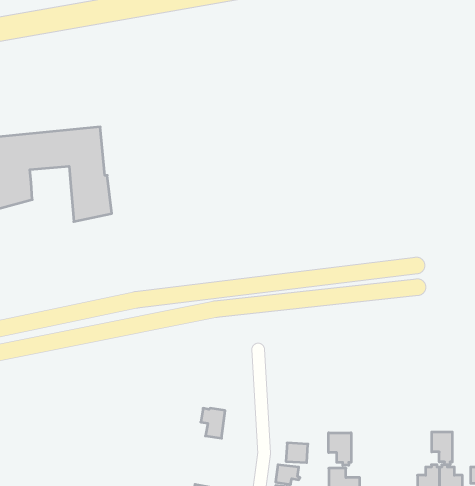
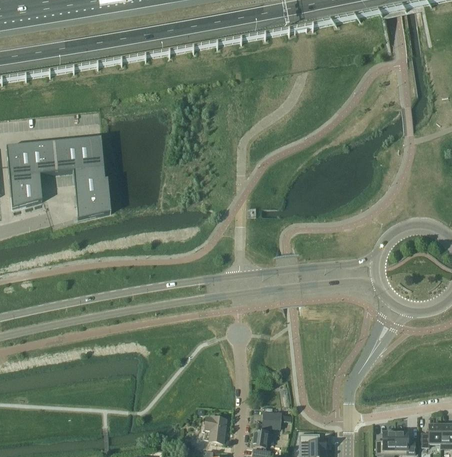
building: [201,408,225,438] -> [205,416,226,442]
building: [432,432,452,465] -> none
building: [329,433,351,465] -> none

